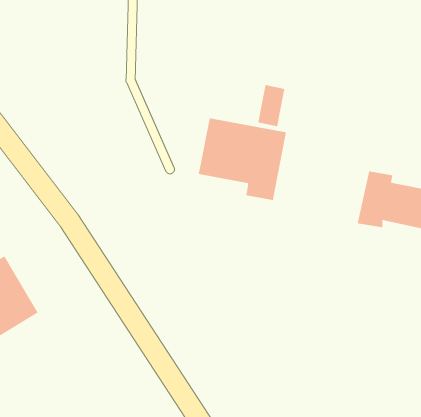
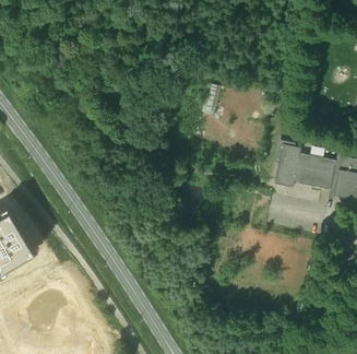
building: [198,118,286,201] -> none

